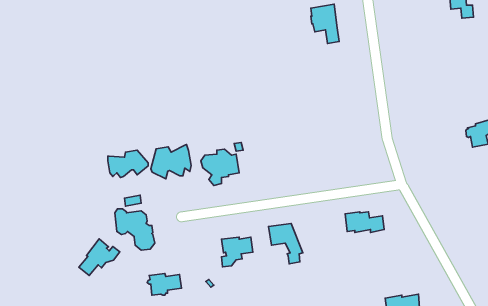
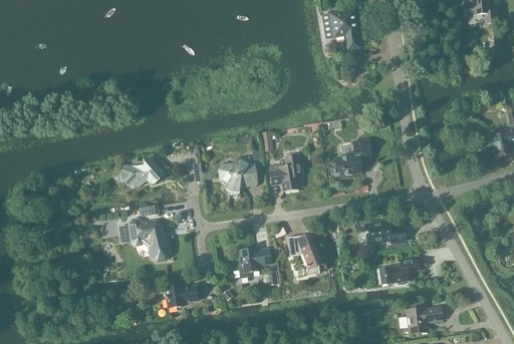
building: none -> [335,139,370,178]
building: [151,144,191,179] -> none
building: none -> [268,154,302,191]
building: [79,239,120,276] -> none
building: none -> [378,256,420,285]

